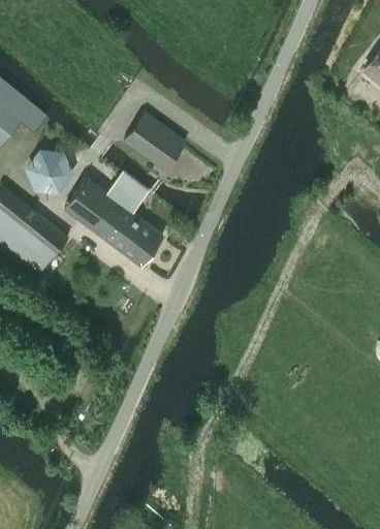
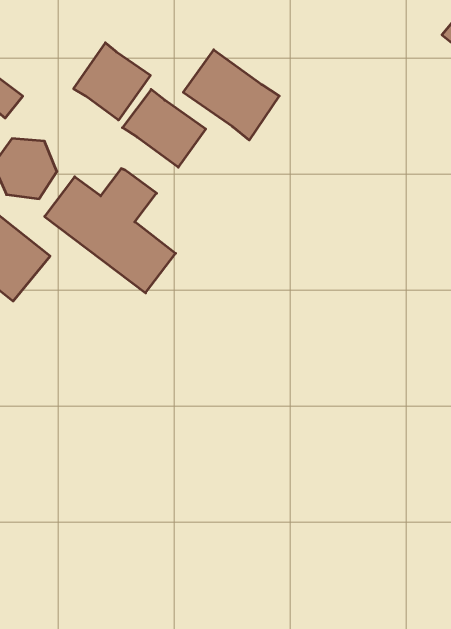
building: none -> [74,43,150,120]
building: none -> [183,50,279,140]

